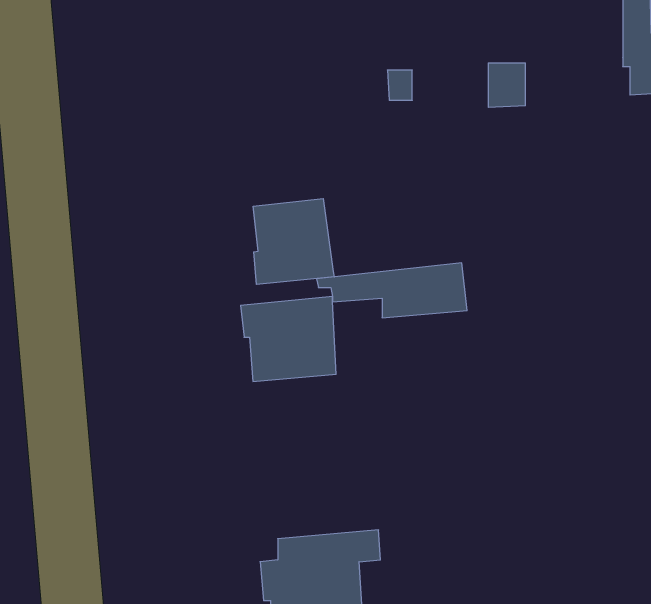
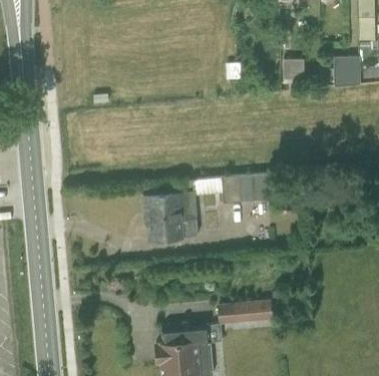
building: none -> [333,56,360,86]
building: [253,199,334,284] -> none
building: none -> [217,300,272,324]

